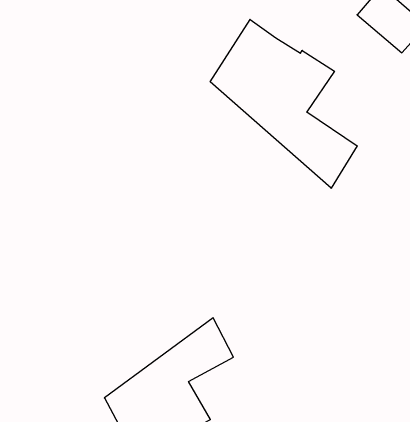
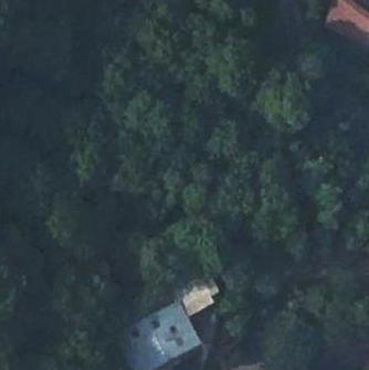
building: [210,19,357,188] -> none

